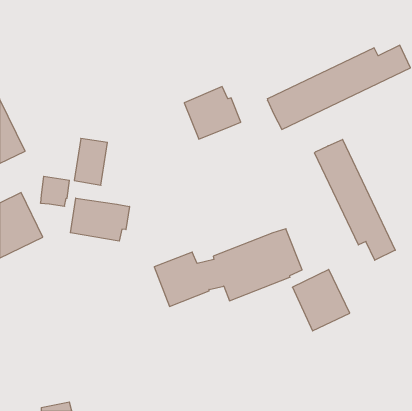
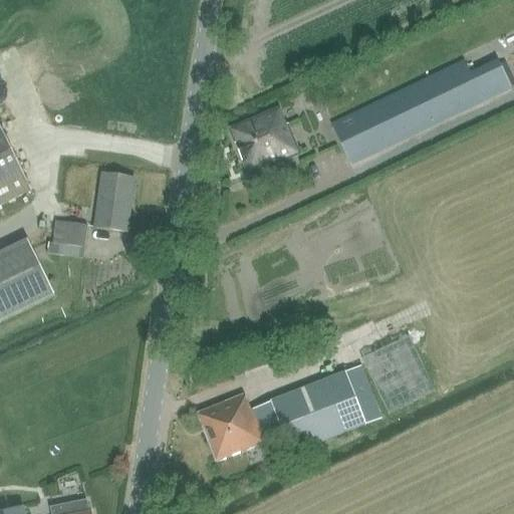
building: [315,139,395,260] -> none
building: [70,198,129,241] -> none
building: [154,229,302,306] -> [197,364,380,461]

